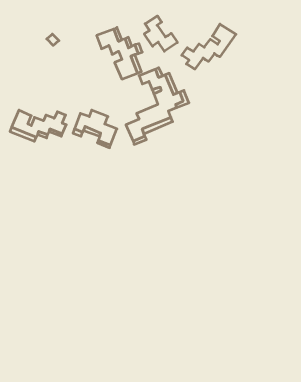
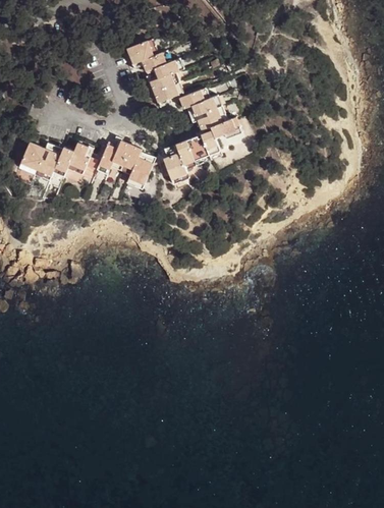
building: [144,16,177,51] -> none
building: [182,24,236,69] -> none

